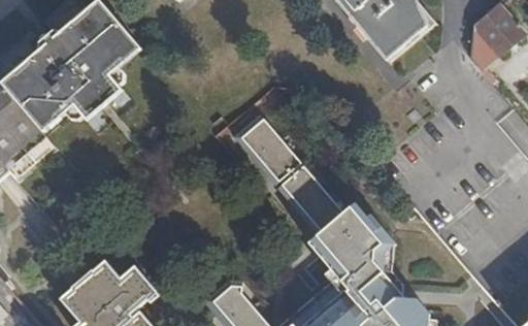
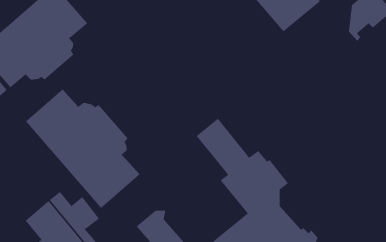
building: [234,113,301,184] -> none
building: none -> [25,89,140,209]

